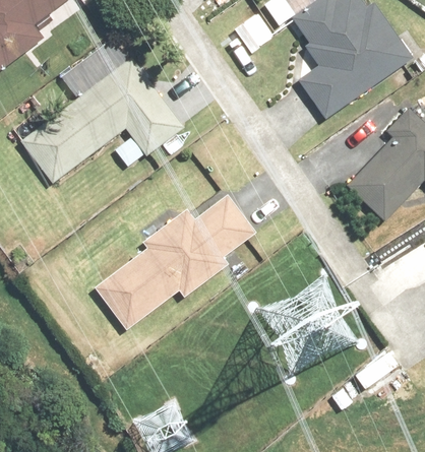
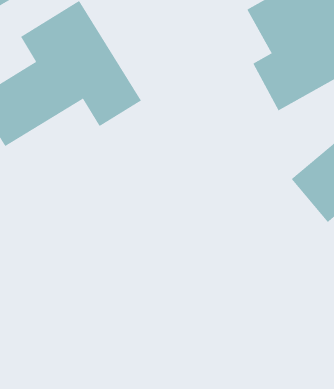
building: [92,193,256,328] -> none

